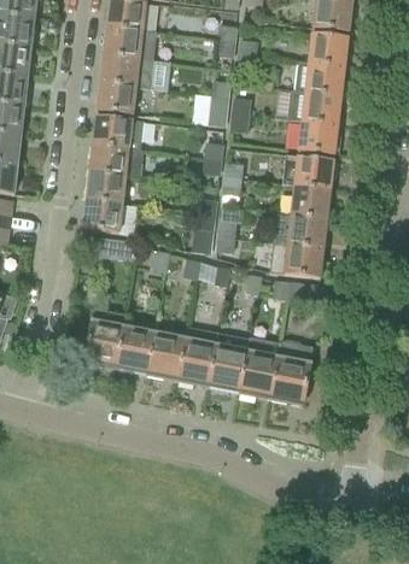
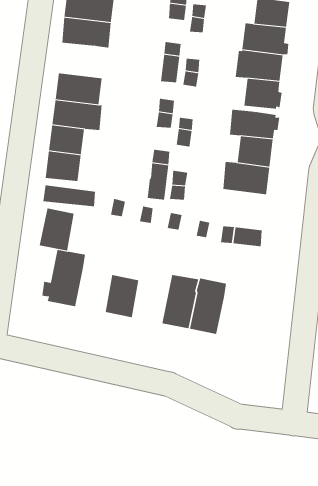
building: [97,81,136,113] -> none
building: [270,240,323,277] -> none
building: [177,325,220,386] -> none
building: [116,327,154,374] -> [39,208,74,251]
building: [269,339,314,404] -> none

